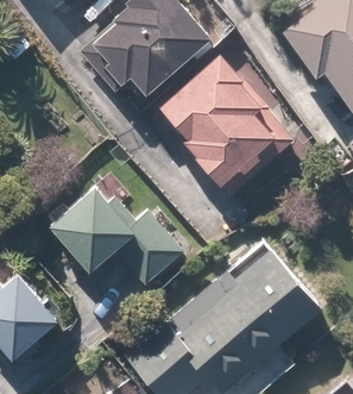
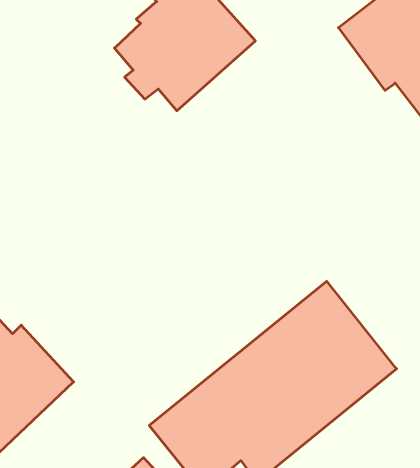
building: [158,54,279,186] -> none
building: [53,185,184,290] -> none

